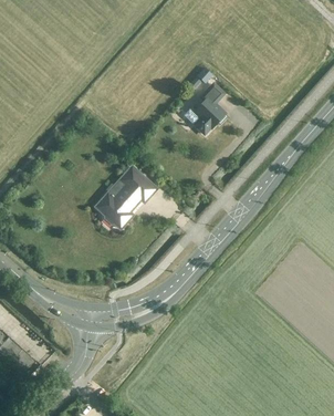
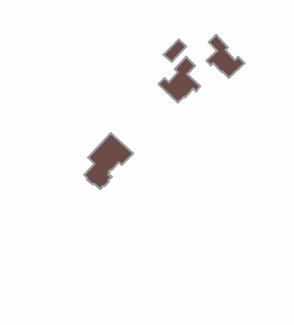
building: none -> [207,35,245,78]

